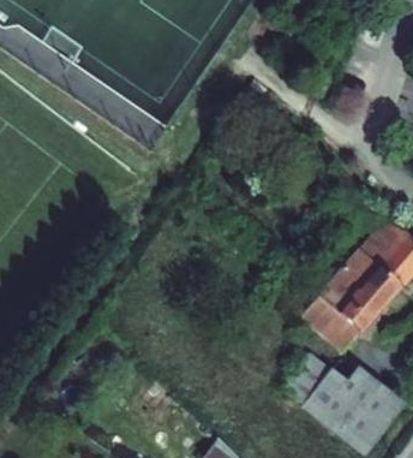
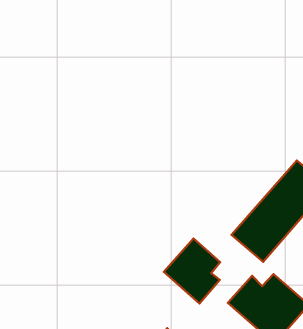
building: none -> [164,238,220,303]

